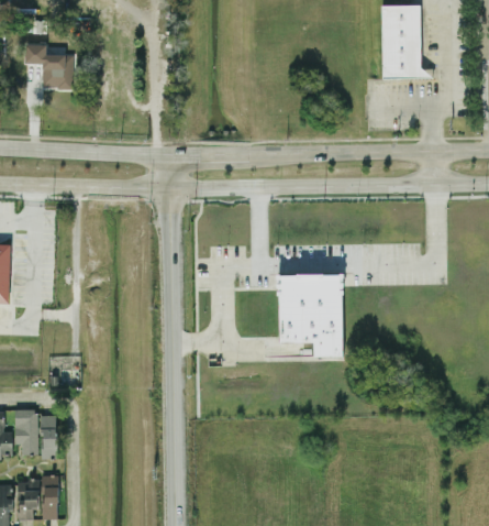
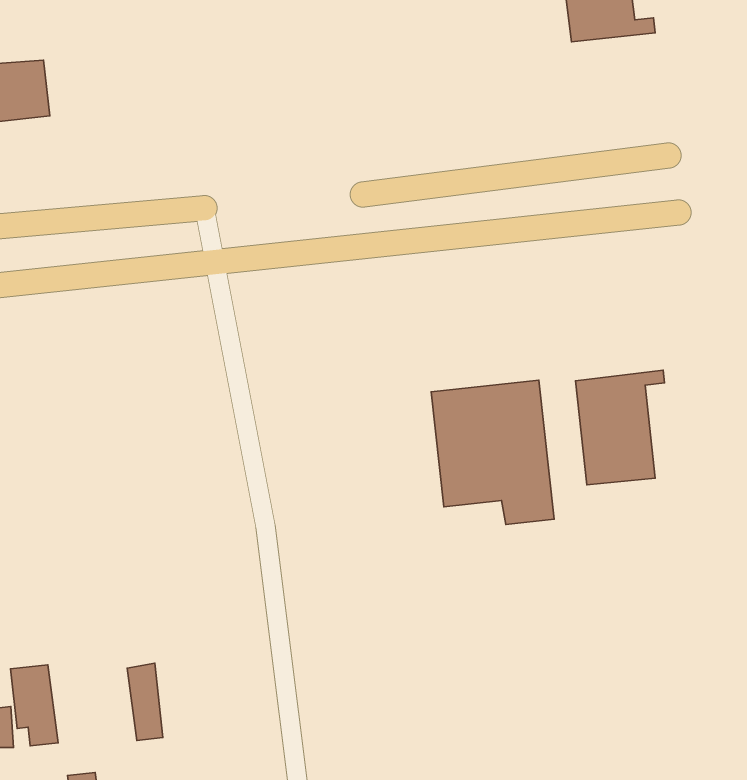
building: none -> [575,370,665,485]
building: [40,415,56,459] -> [127,663,163,740]

